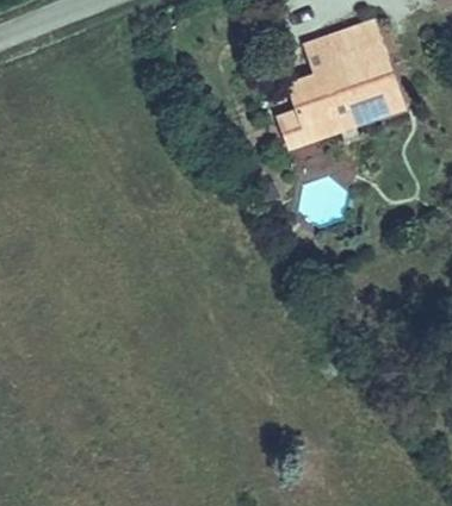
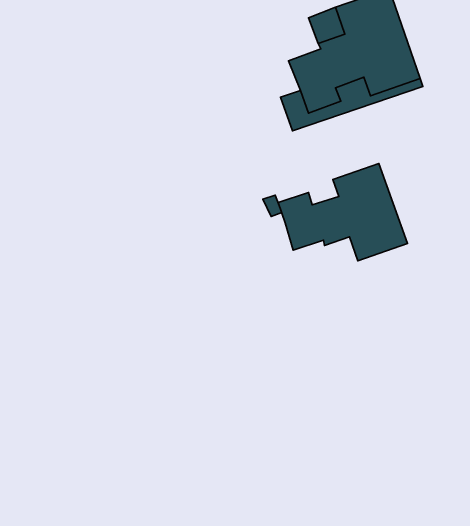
building: none -> [278,164,407,261]

